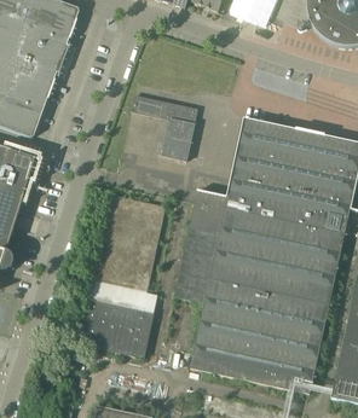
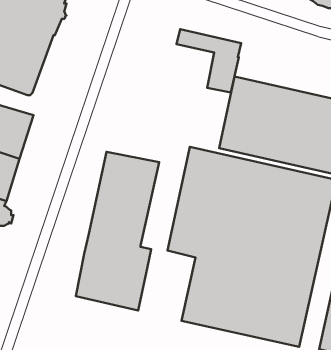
building: [131,93,197,158] -> [177,29,241,93]

